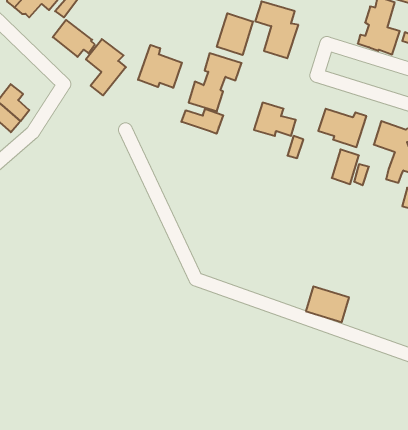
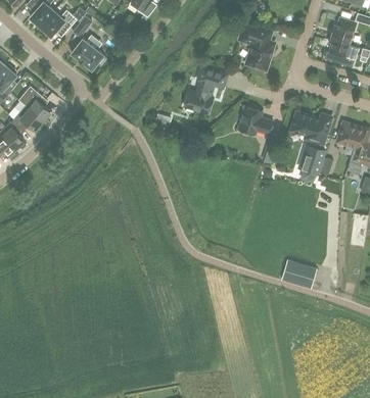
building: [217,13,253,55] -> none
building: [86,39,126,95] -> none
building: [138,45,182,88] -> none
building: [181,109,223,134] -> none

